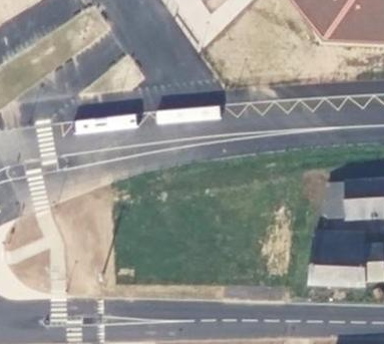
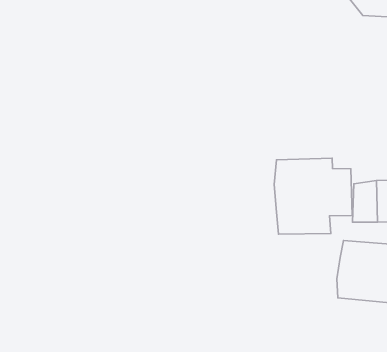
building: none -> [274,158,352,234]

